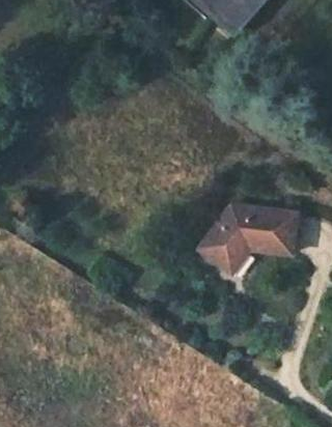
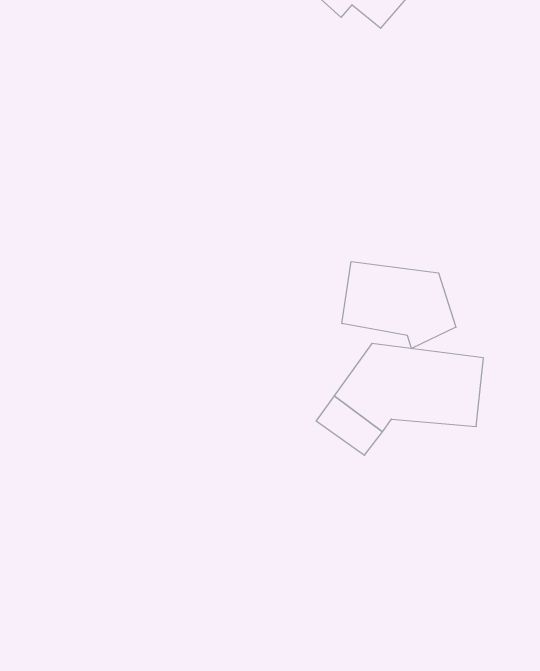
building: none -> [342,262,456,349]

